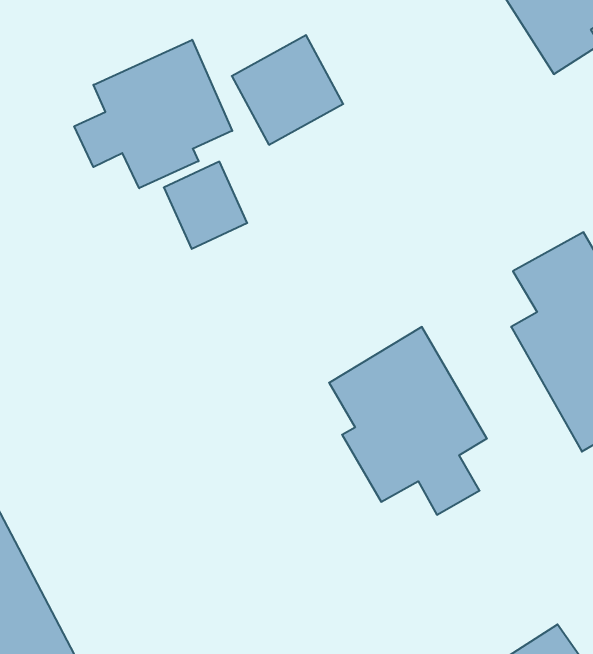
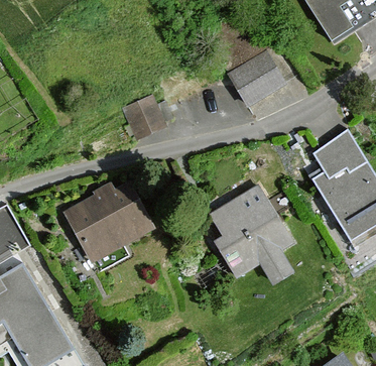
building: [232,35,343,145] -> [230,48,290,108]
building: [74,40,232,188] -> none
building: none -> [69,179,156,262]

